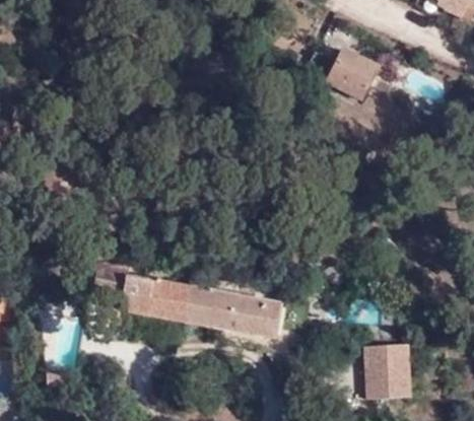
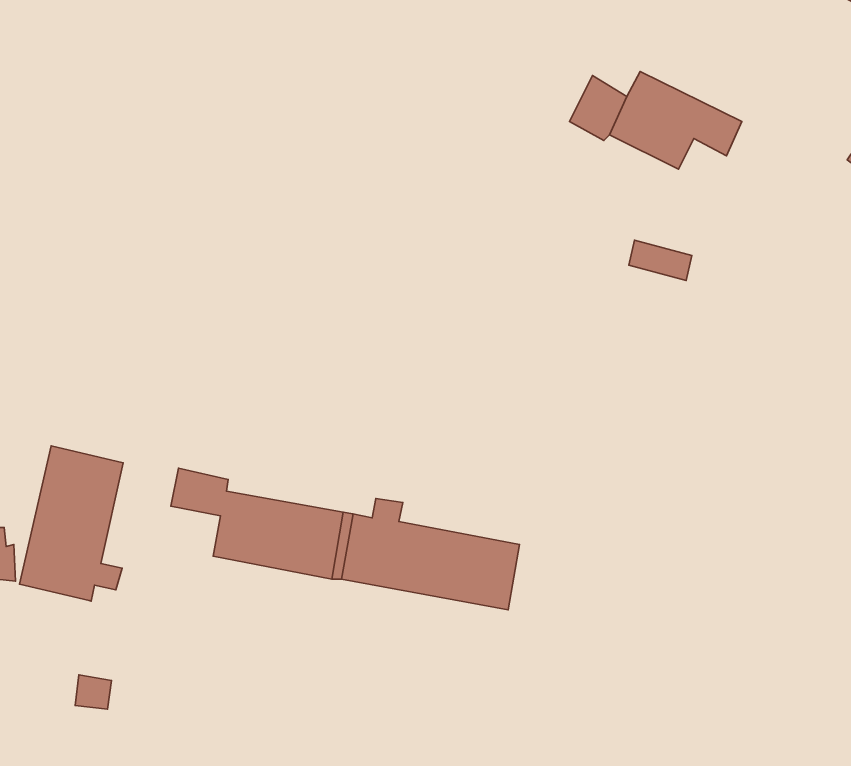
building: none -> [19,446,123,601]
building: [363,342,411,400] -> none

